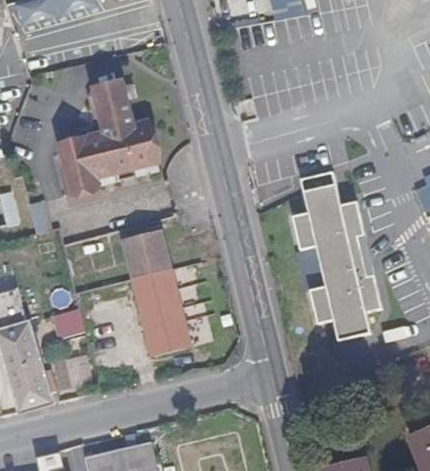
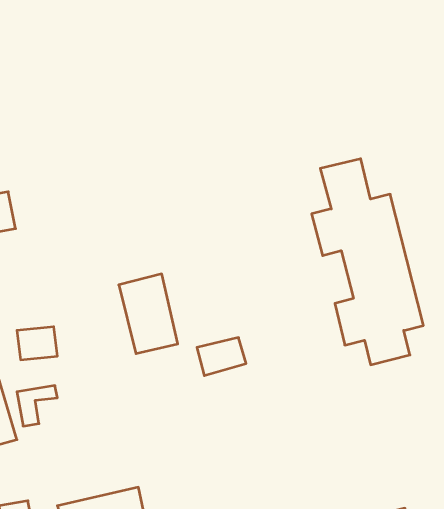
building: [60,79,158,193] -> none
building: [125,232,169,276] -> none
building: [148,324,188,355] -> [197,338,246,376]

